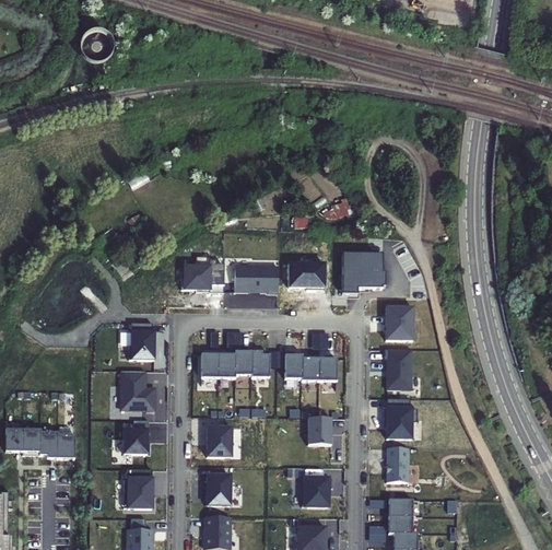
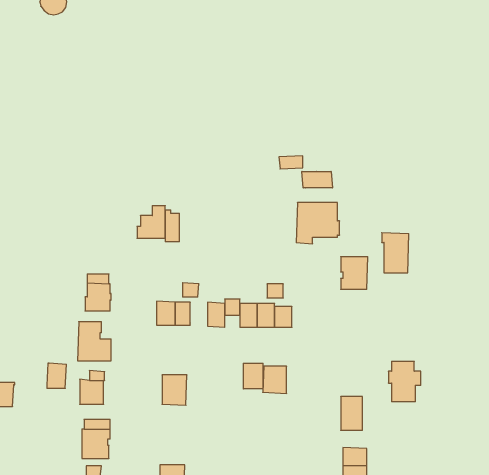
building: none -> [302,171,332,188]
building: [290,259,326,288] -> none
building: [235,265,279,292] -> none
building: [386,348,413,388] -> [382,233,409,273]
building: [235,349,252,374] -> none
building: [385,397,418,437] -> [388,361,421,402]
building: none -> [243,363,263,389]
building: [56,435,75,460] -> [47,363,66,388]
building: [204,473,230,504] -> none
building: [302,477,331,506] -> none

